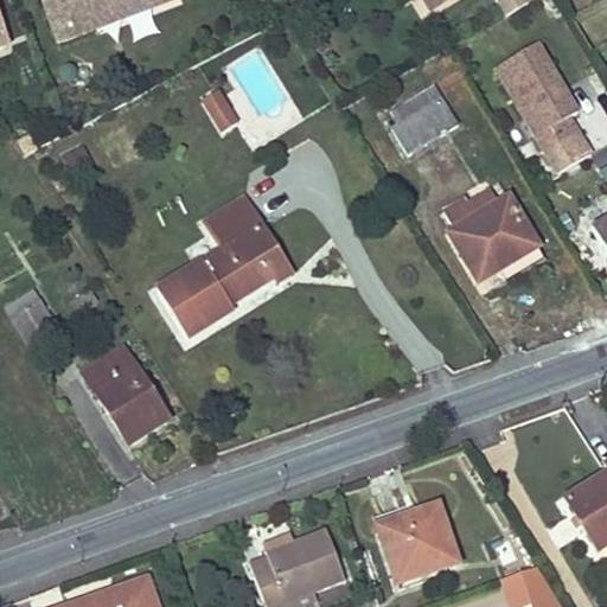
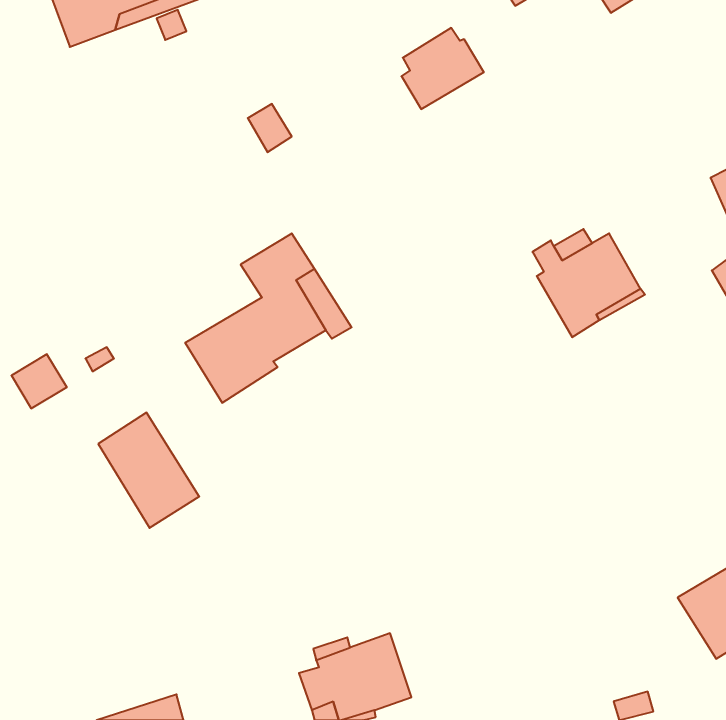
building: [496,40,593,172] -> none
building: [390,85,459,153] -> [401,28,484,109]
building: [378,504,458,581] -> none

